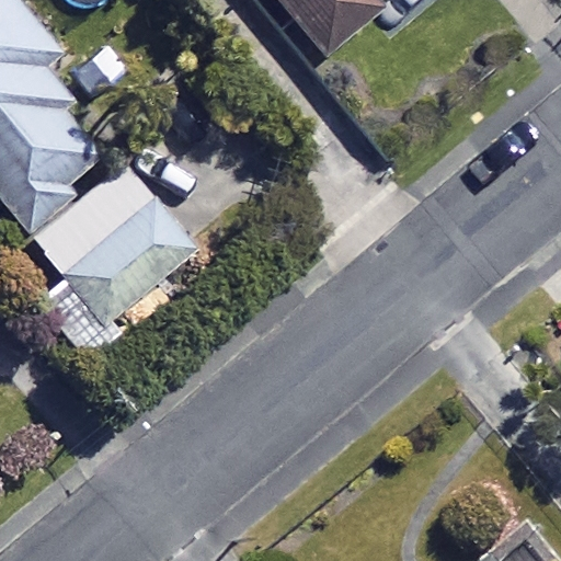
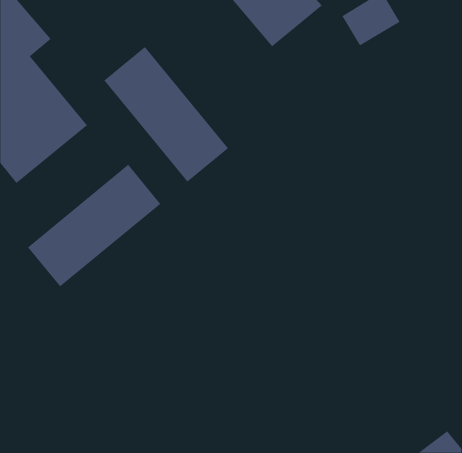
building: none -> [103,46,229,183]

